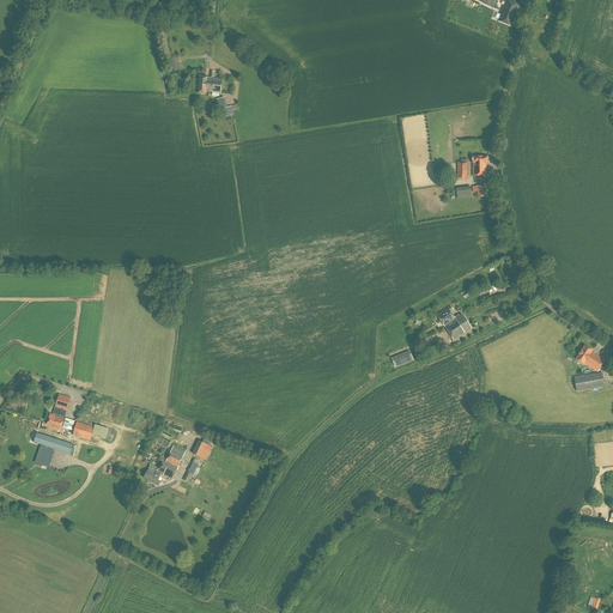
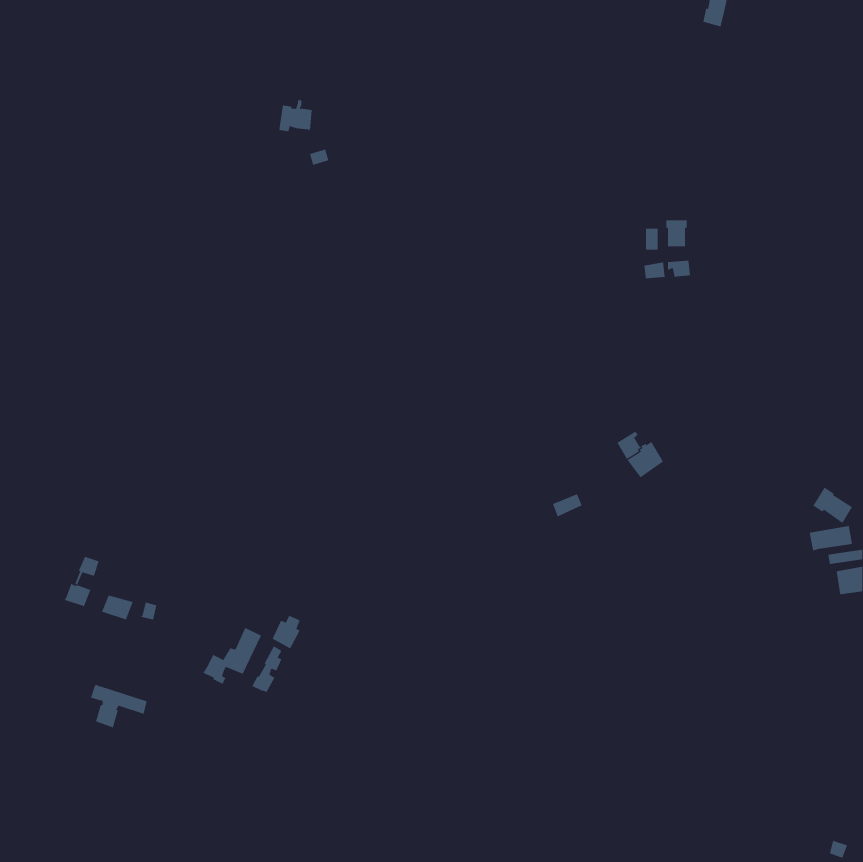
building: [34,431,74,462] -> [90,684,147,728]

